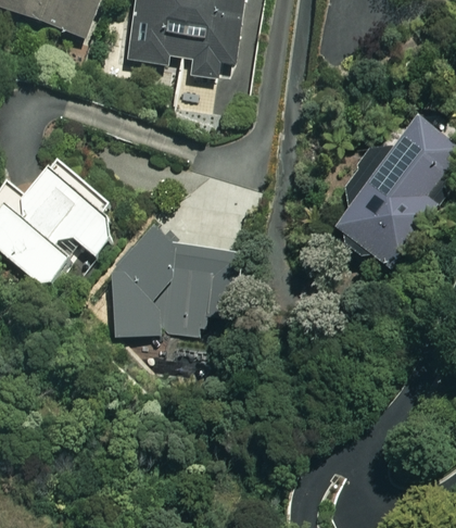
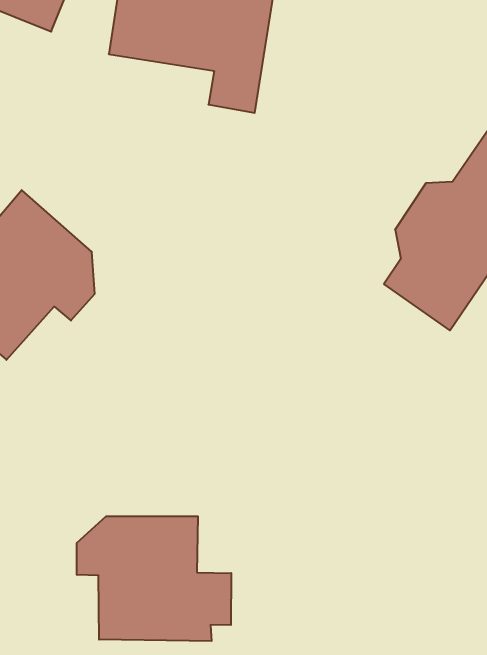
building: [111,240,238,330] -> none
building: none -> [77,516,231,641]

